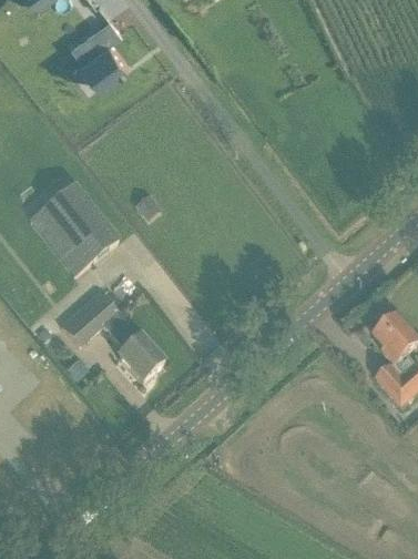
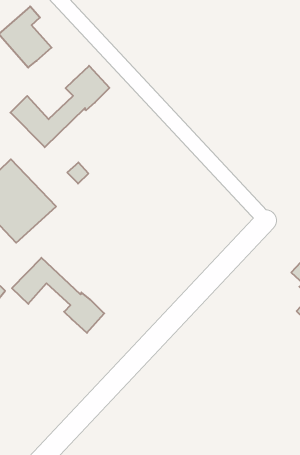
building: none -> [10,66,109,147]

